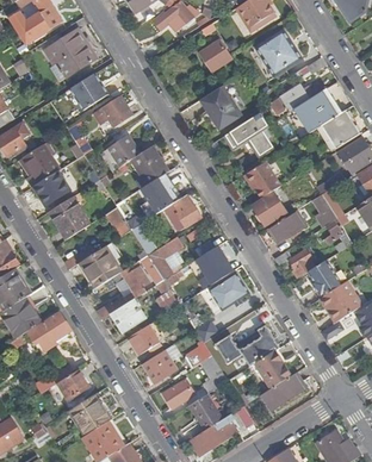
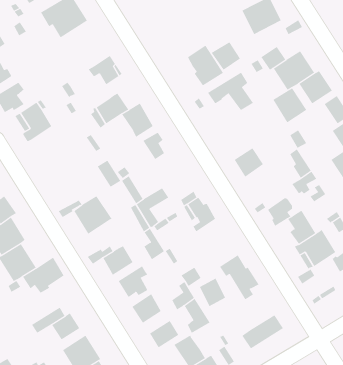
building: [199,42,231,73] -> [211,42,241,71]
building: [67,74,110,113] -> none
building: [246,161,283,199] -> [273,87,307,123]
building: [35,171,70,205] -> none
building: [163,195,202,231] -> none
building: [50,196,91,238] -> none
building: [269,211,305,244] -> none
building: [120,262,150,302] -> none
building: [202,273,249,314] -> none
building: [250,351,291,389] -> none

